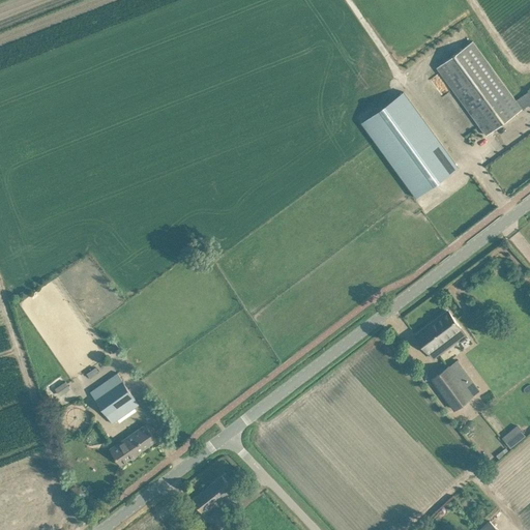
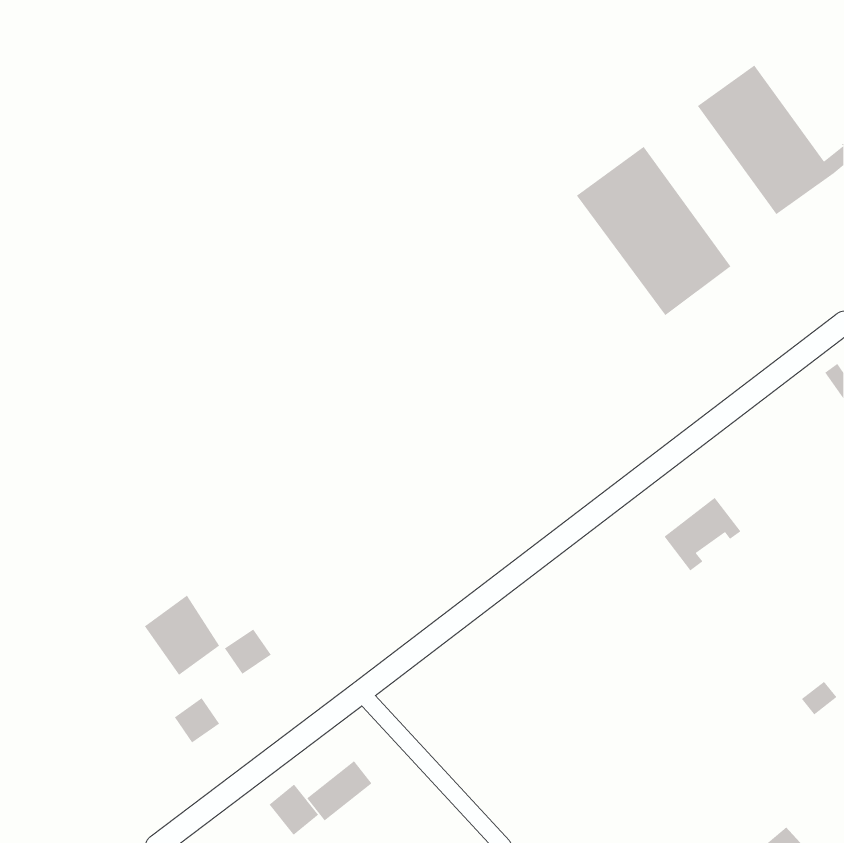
building: [431,361,478,410] -> none
building: [126,425,156,454] -> [224,628,272,675]
building: none -> [268,783,319,836]

